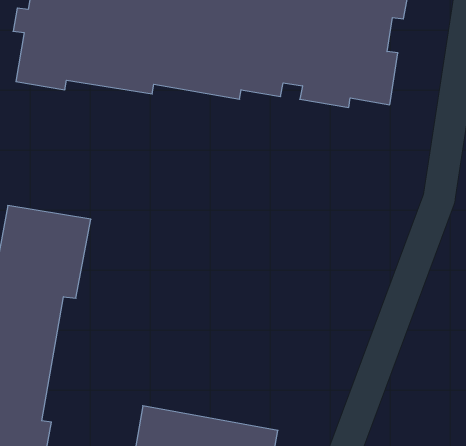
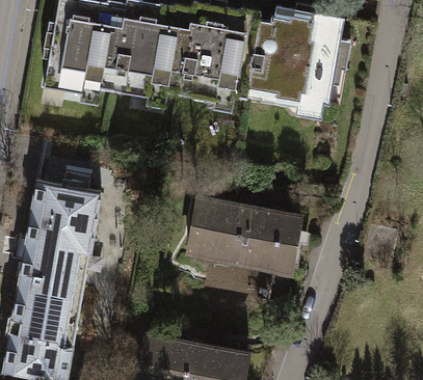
building: none -> [186,200,297,272]

